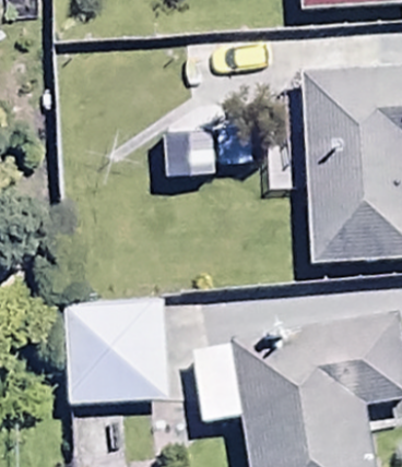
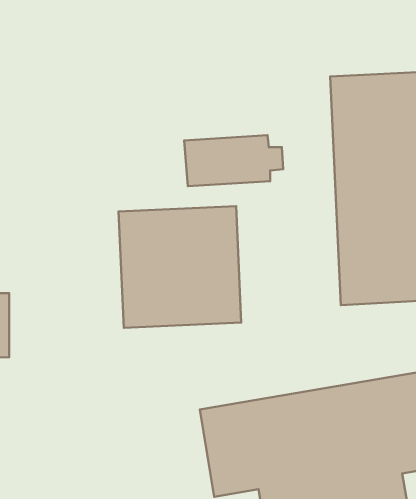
building: [66,285,168,386] -> [119,206,241,328]

